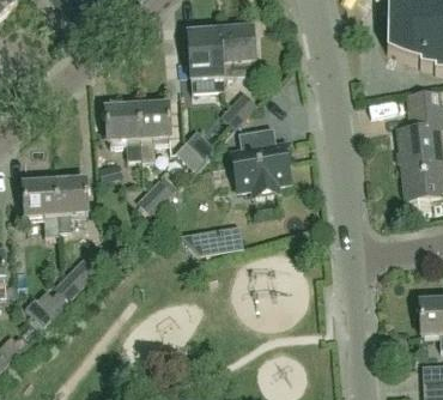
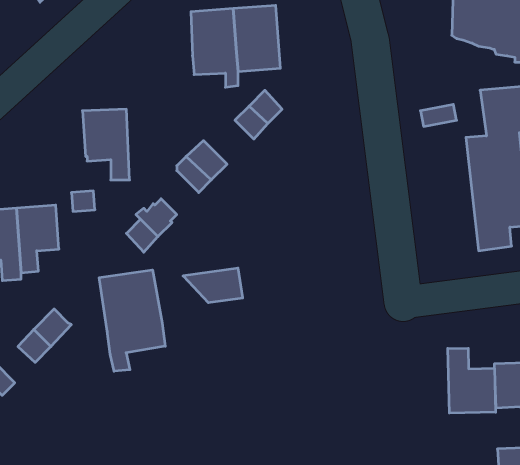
building: [139,102,170,160] -> none
building: [231,127,292,188] -> none
building: none -> [99,270,165,371]
building: none -> [448,348,496,413]

